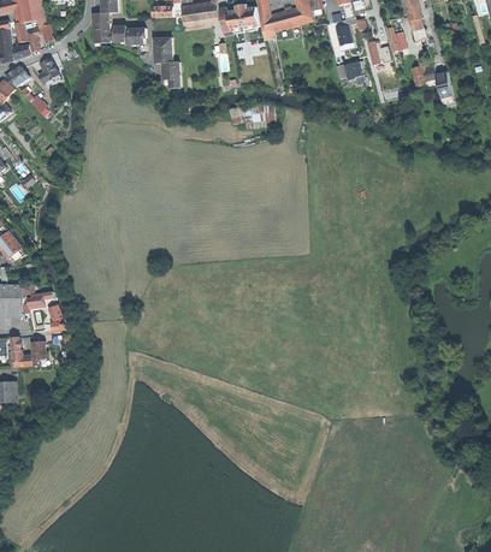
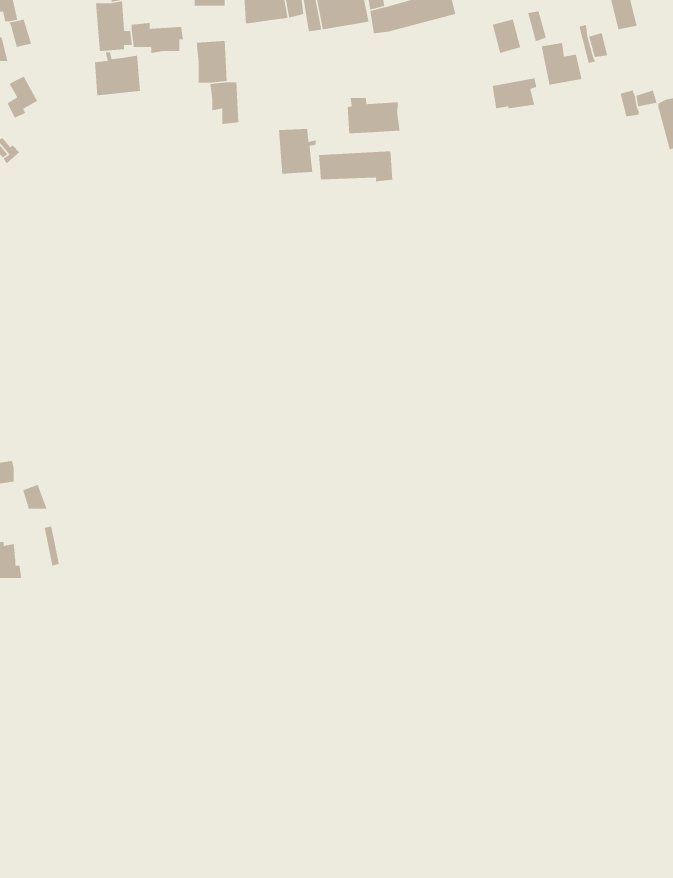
building: none -> [94,51,141,96]
building: none -> [347,97,400,134]
building: none -> [278,128,317,174]

